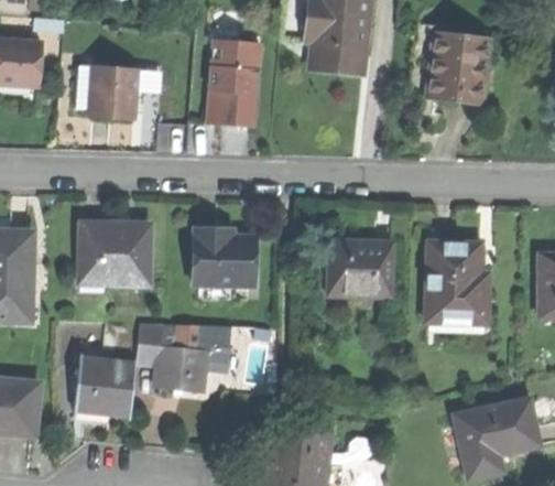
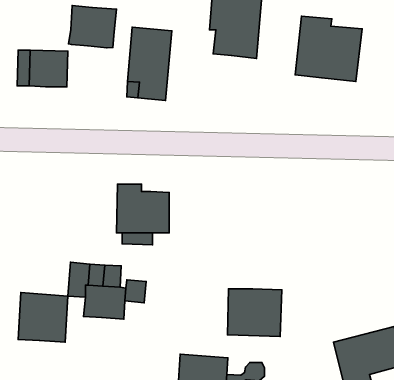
building: none -> [69,6,116,48]
building: [79,224,150,284] -> none
building: [327,241,392,299] -> [228,289,282,337]
building: [429,244,490,323] -> none

